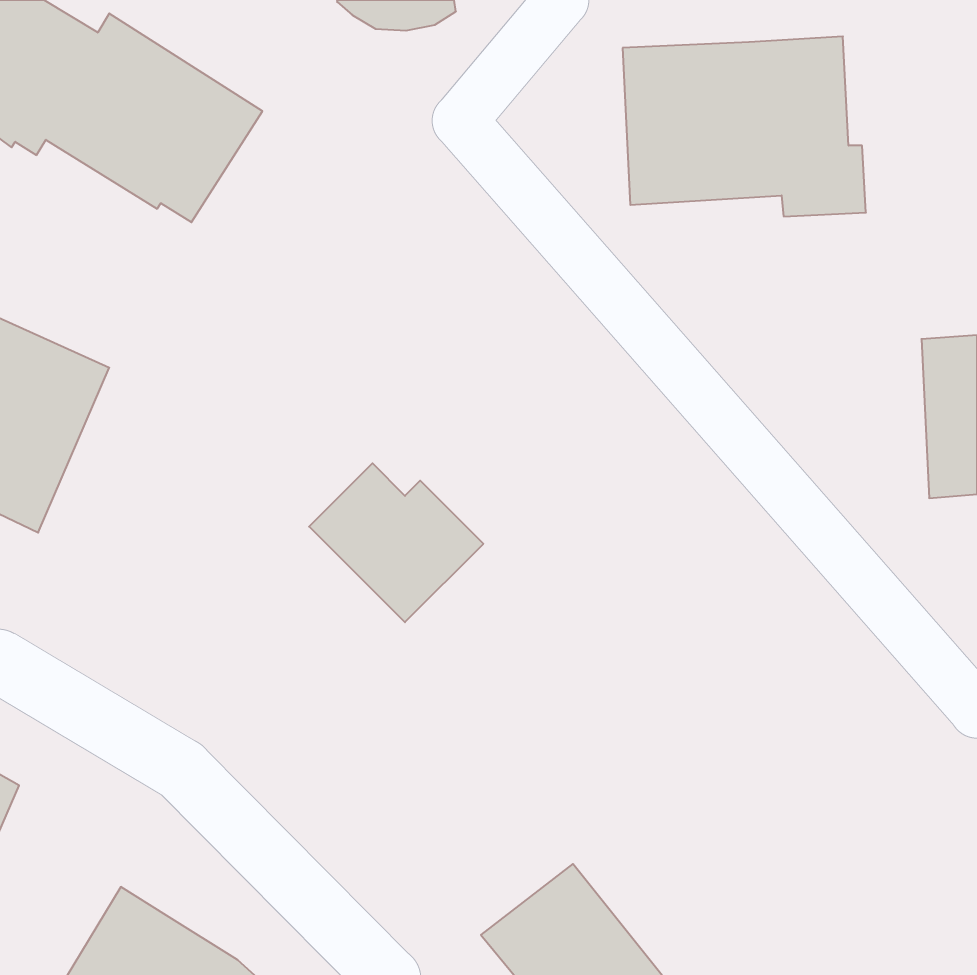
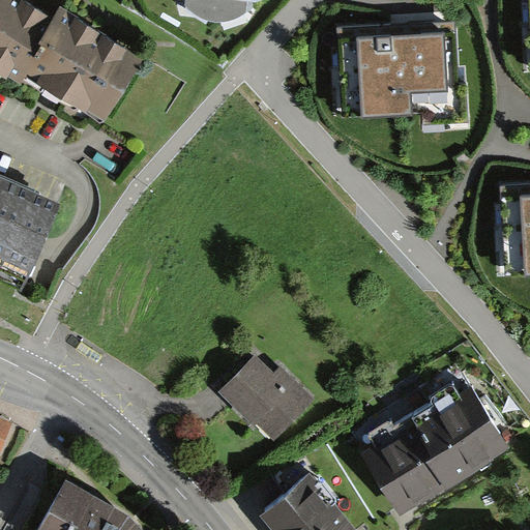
building: [309,463,483,622] -> [222,357,316,443]
building: none -> [360,379,512,512]

